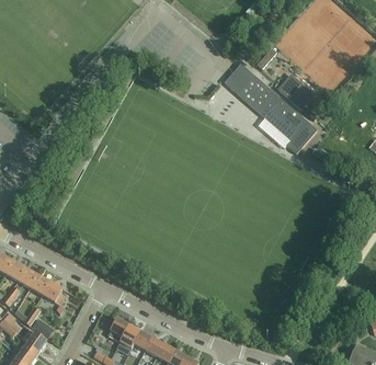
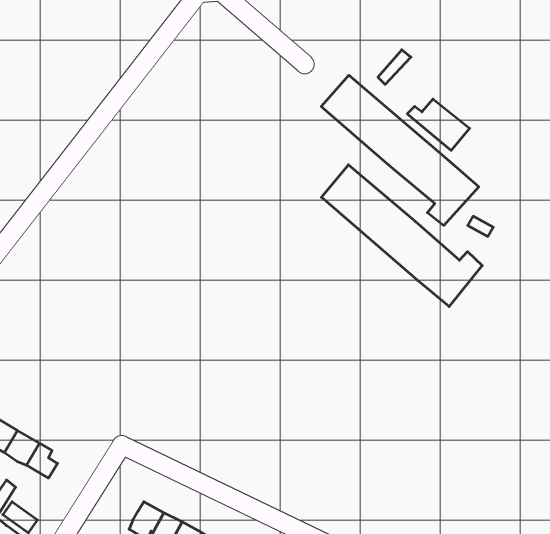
building: none -> [321,165,482,307]

